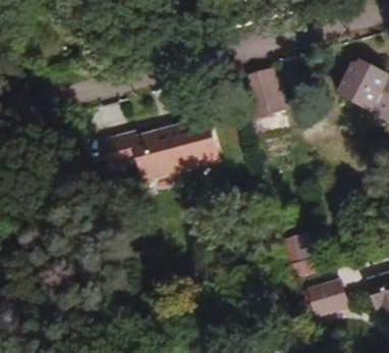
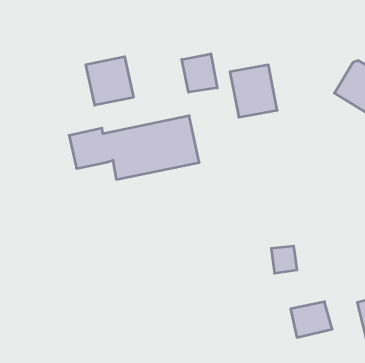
building: none -> [182,54,217,92]
building: none -> [86,57,133,105]

